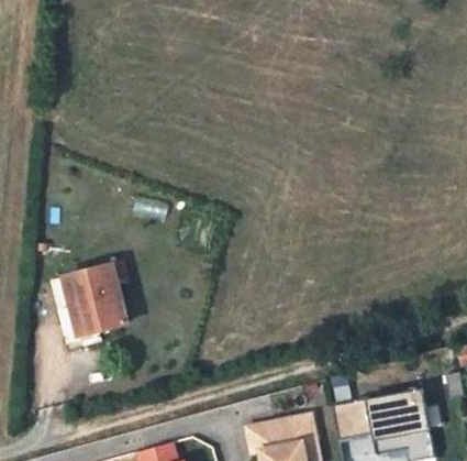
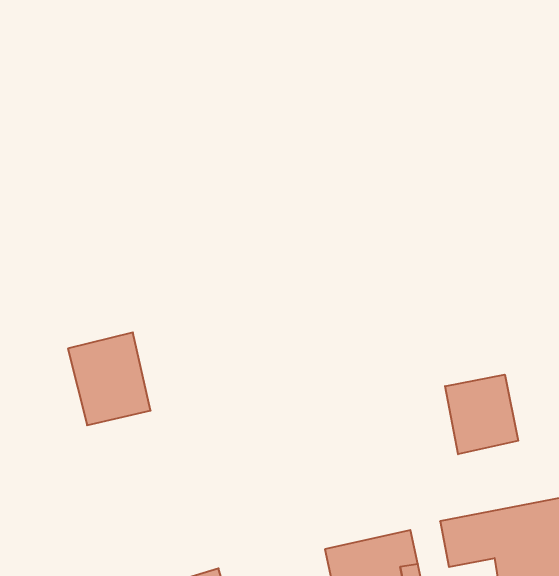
building: none -> [445,375,518,454]

